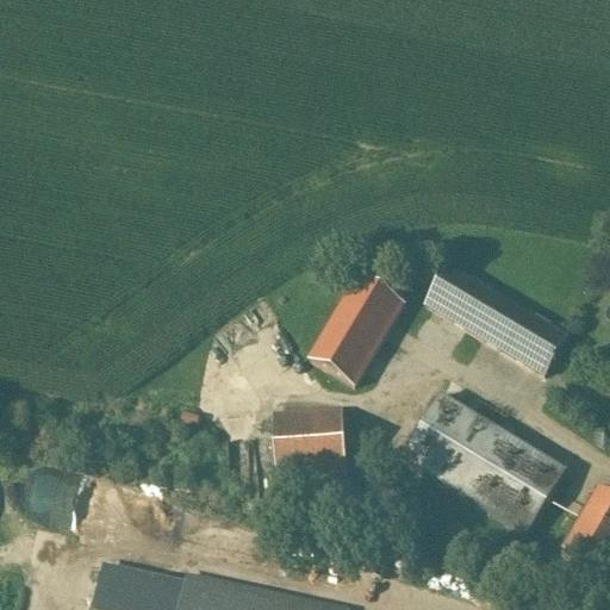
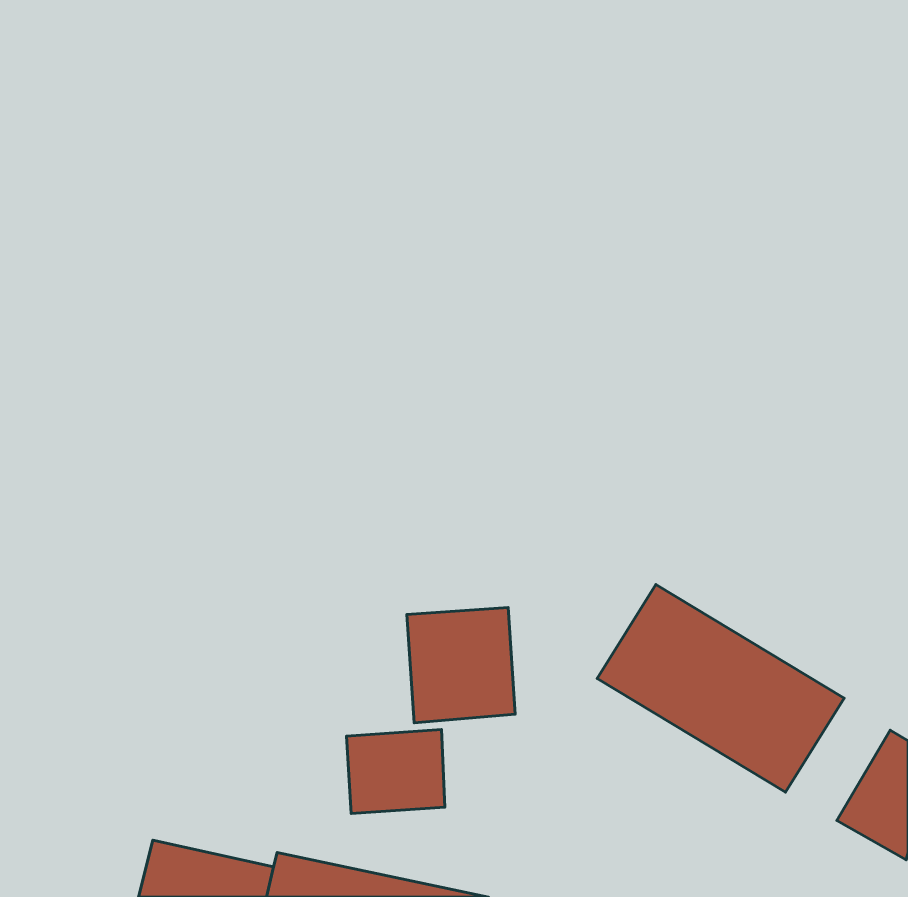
building: [424,263,566,373] -> none
building: [309,275,403,384] -> none
building: none -> [346,730,445,813]

